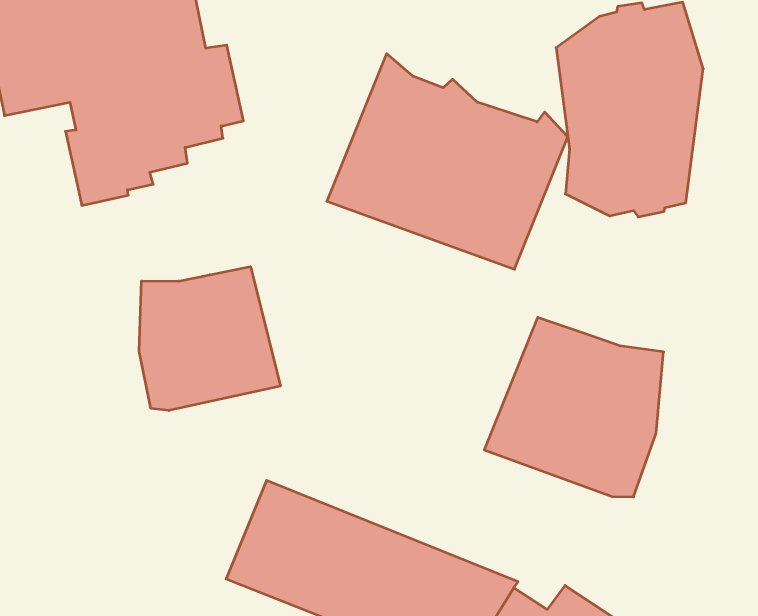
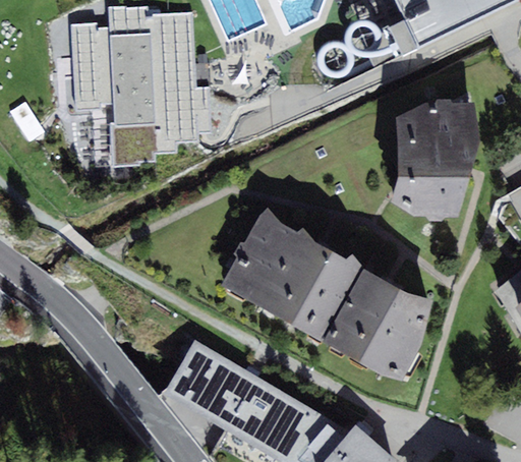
building: [327,54,568,269] -> [220,207,363,341]
building: [139,267,280,411] -> none

